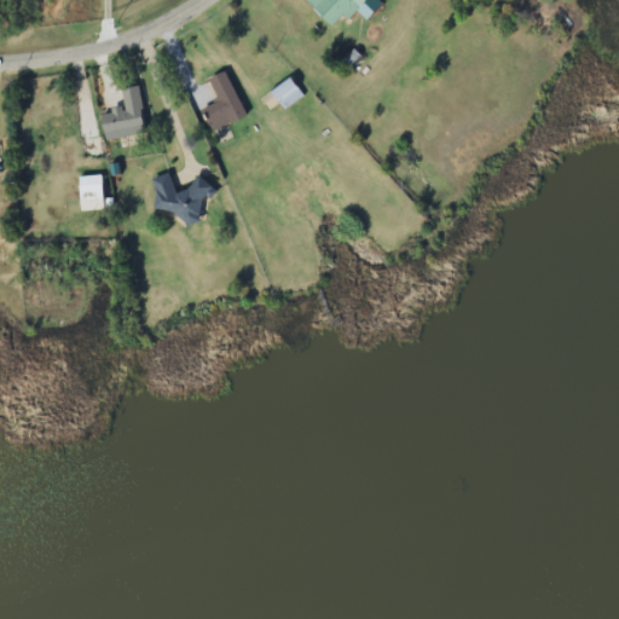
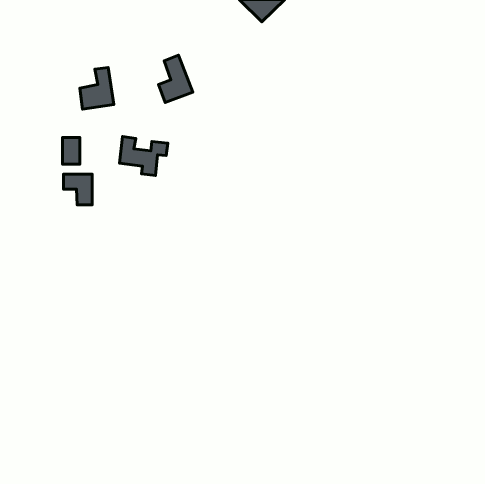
building: [271,77,303,109] -> none
building: none -> [63,174,92,205]

